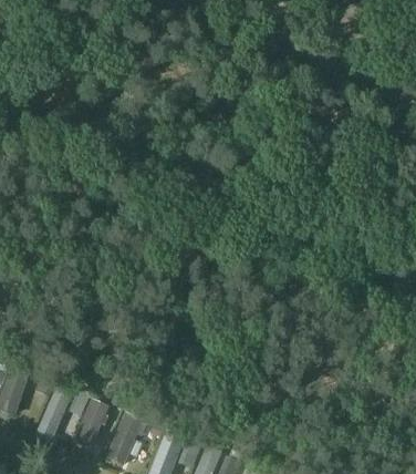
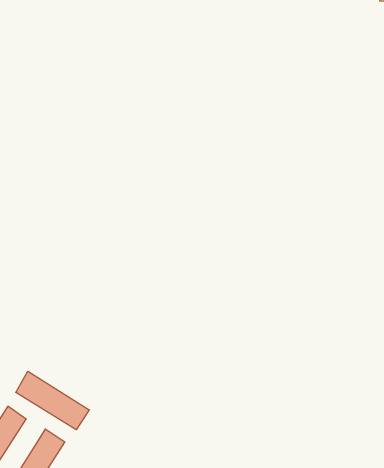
building: none -> [16,371,89,430]

